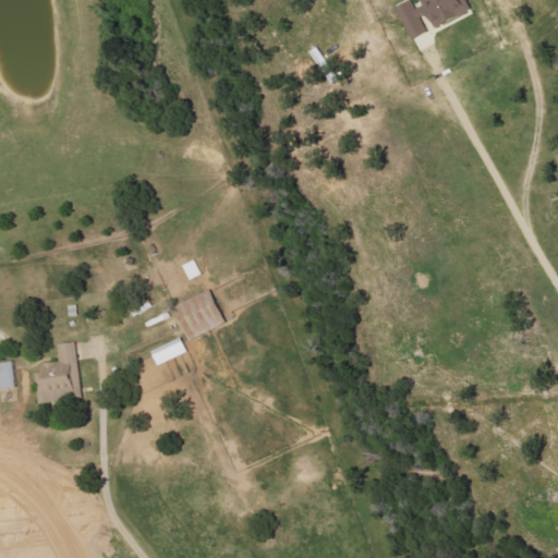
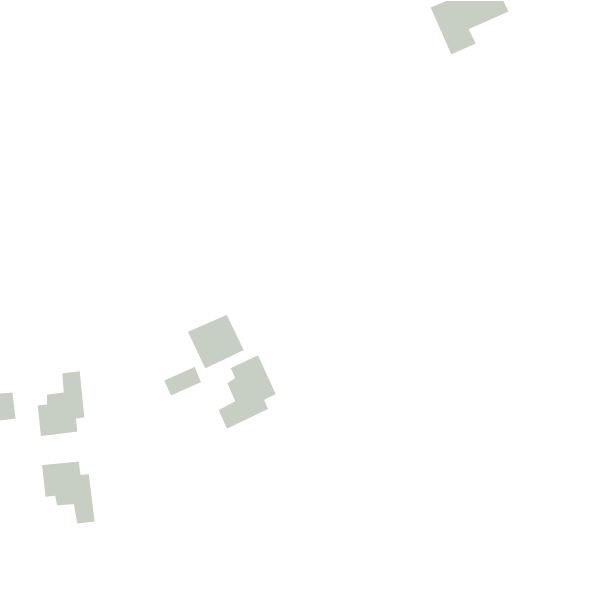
building: none -> [217,354,277,430]
building: none -> [41,461,95,524]

